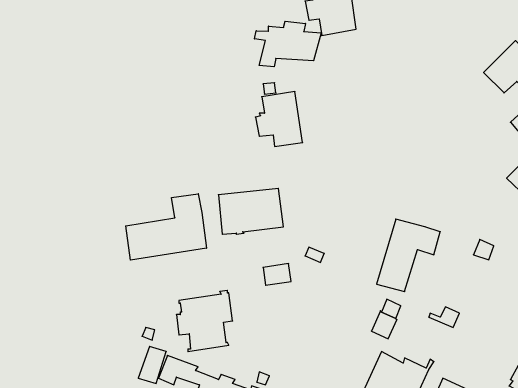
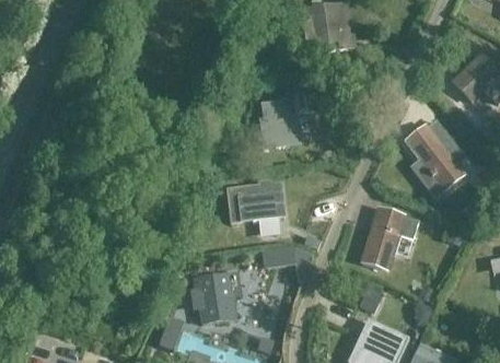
building: [255,21,321,67] -> none
building: none -> [405,122,464,191]
building: [126,194,206,260] -> none

